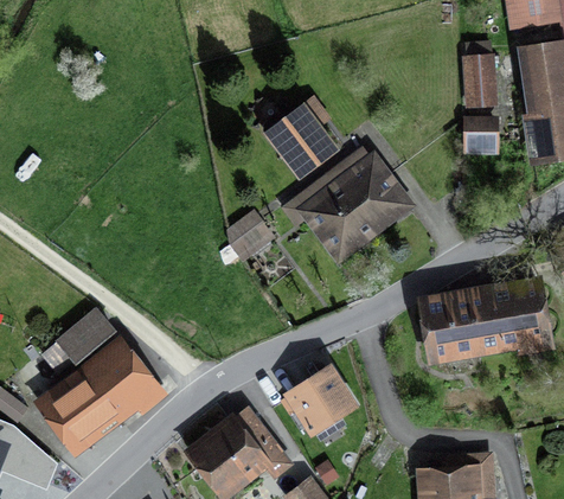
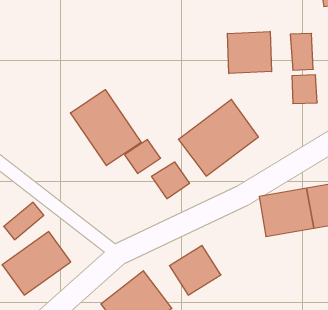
building: none -> [227,31,272,74]
building: [269,111,335,179] -> none
building: none -> [70,90,141,166]
building: none -> [152,162,189,199]

